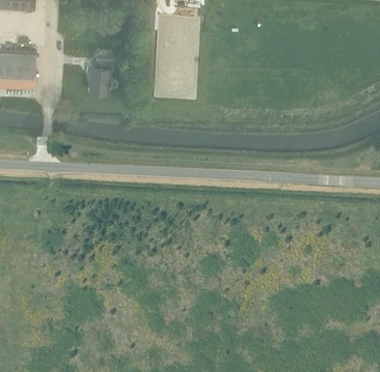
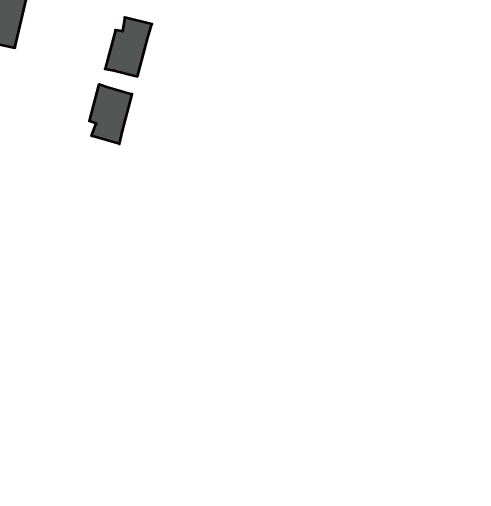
building: none -> [89,84,132,144]

